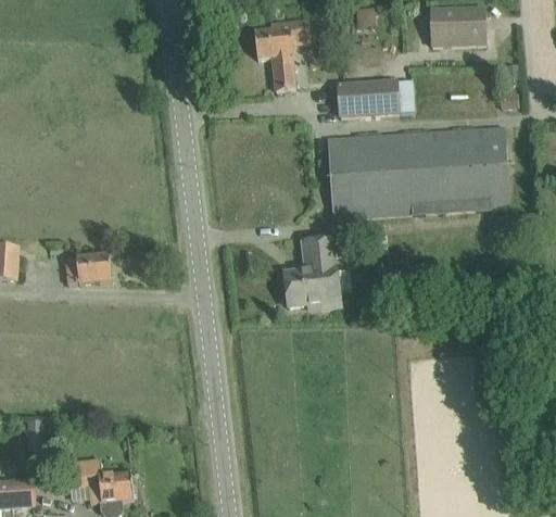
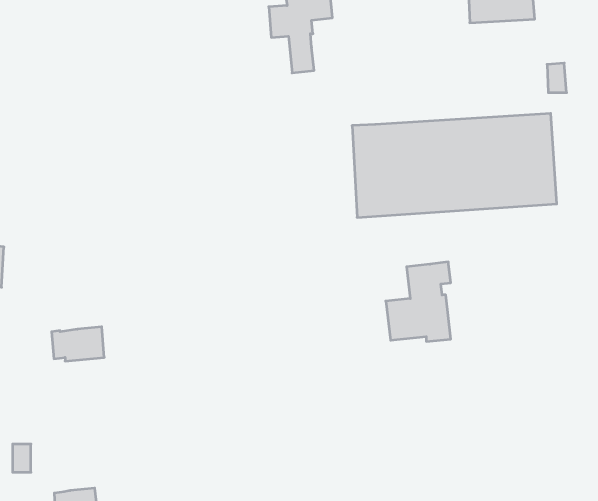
building: [337,79,414,116] -> none
building: [282,237,340,307] -> [386,262,451,341]
building: [63,253,110,283] -> [52,327,104,361]

